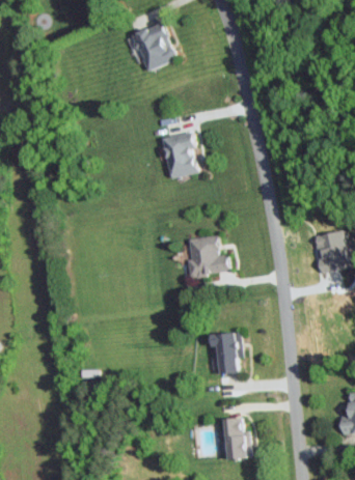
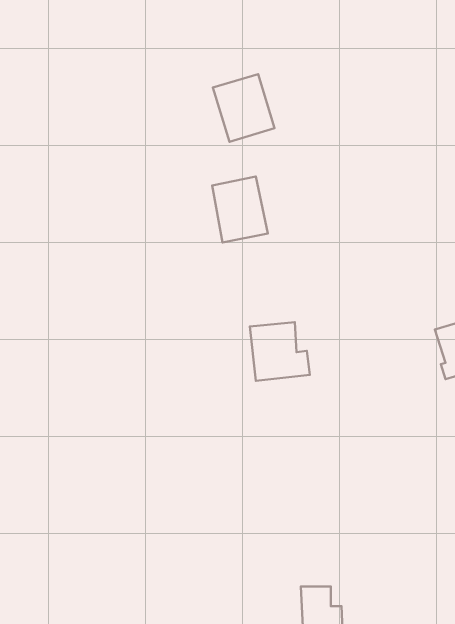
building: [133,24,175,70] -> [213,74,275,142]
building: [208,332,242,372] -> none

